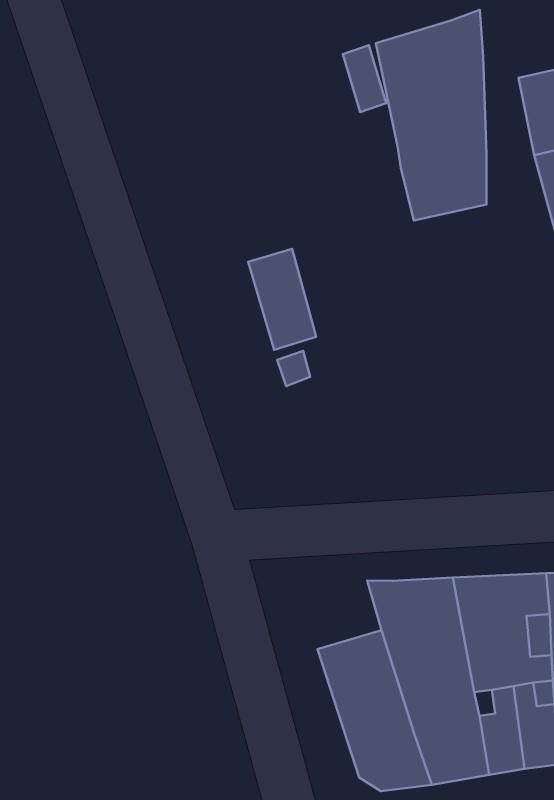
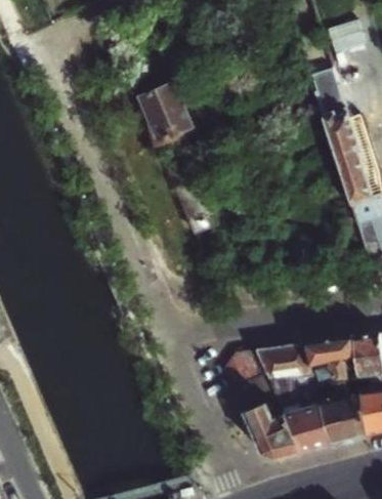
building: [376,10,487,220] -> none
building: none -> [137,81,192,141]
building: none -> [225,349,266,388]

